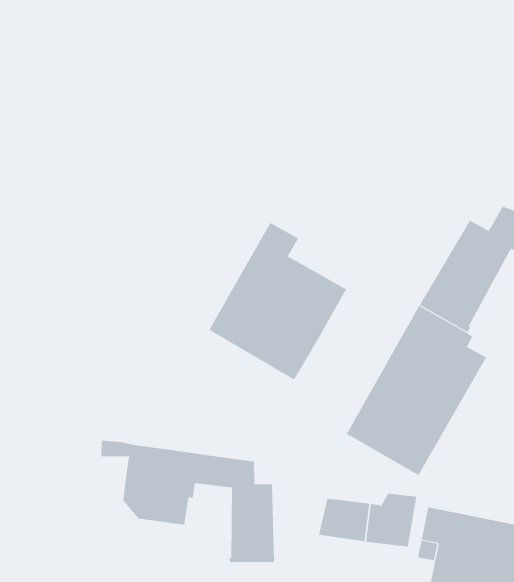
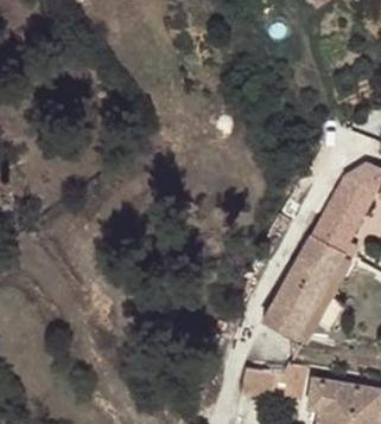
building: [208,222,347,381] -> none
building: [101,440,275,563] -> none

